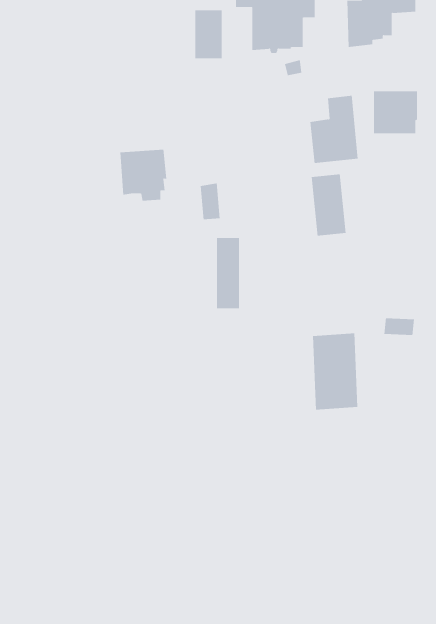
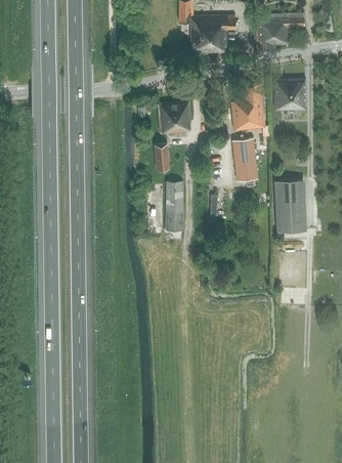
building: [195,10,222,59] -> none
building: [120,149,167,201] -> [158,102,190,138]
building: [312,333,358,410] -> [274,180,306,234]

